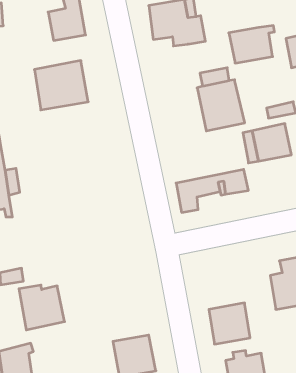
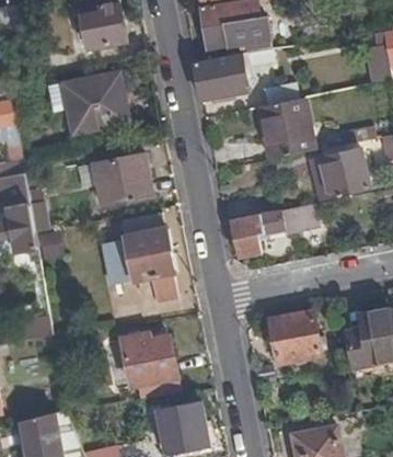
building: [229,26,274,63] -> [194,54,248,99]
building: none -> [94,153,152,205]
building: none -> [105,217,176,301]
building: [19,285,65,330] -> [123,333,177,387]
building: [209,303,250,344] -> [270,310,320,359]

